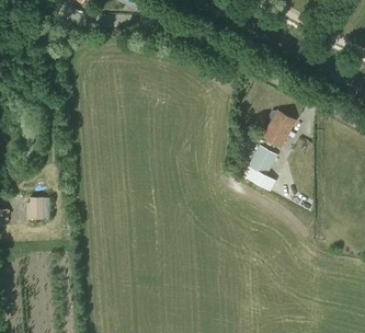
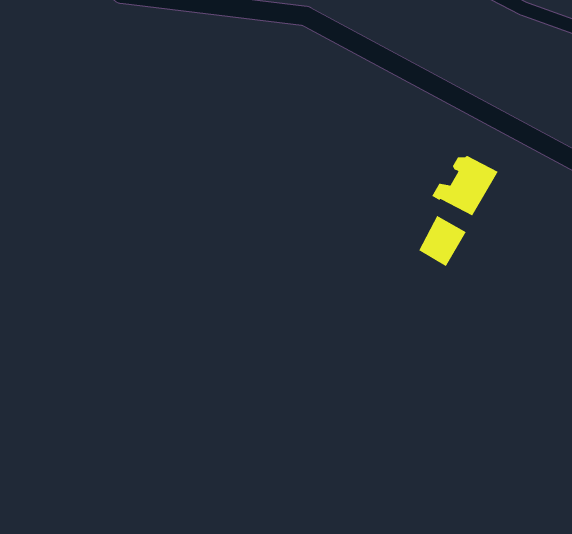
building: [26,197,50,219] -> none

